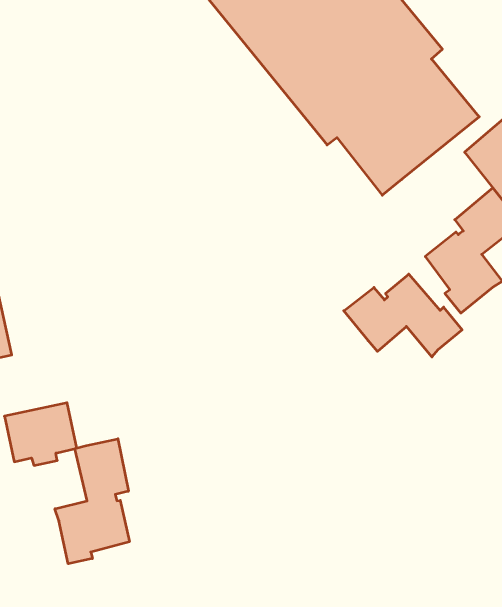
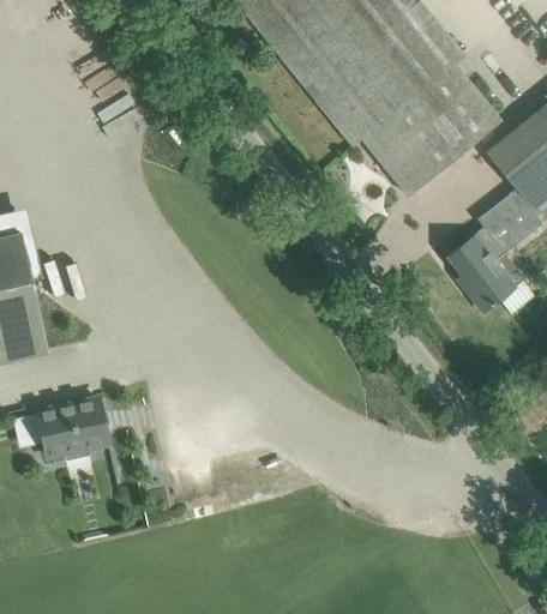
building: [344,274,462,357] -> none
building: [55,439,129,564] -> none

